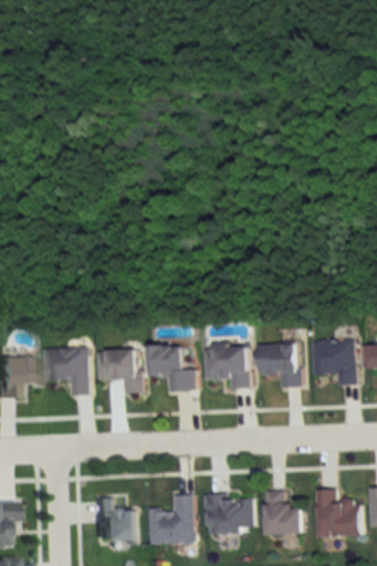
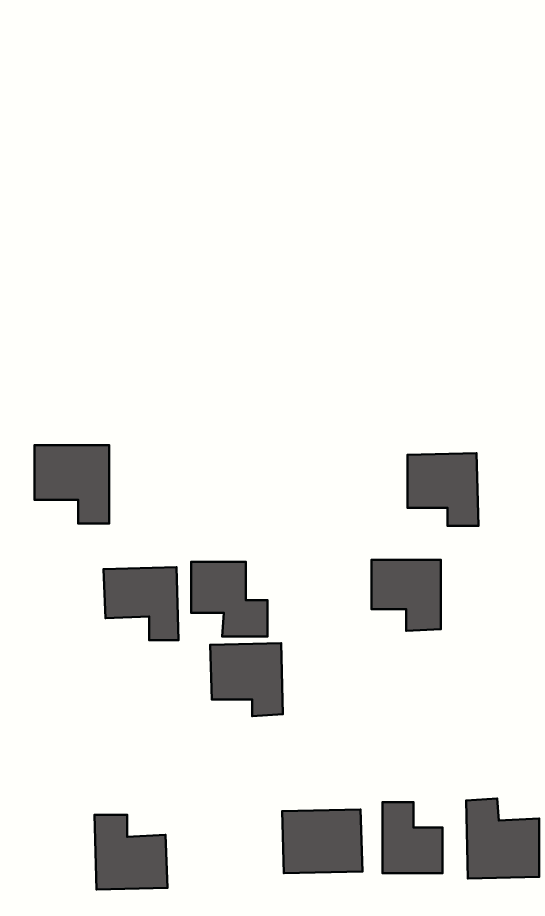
building: [313,339,356,384] -> [407,453,478,526]
building: [205,344,249,388] -> [210,643,283,716]
building: [44,347,90,395] -> [34,445,109,524]
building: [150,494,193,544] -> none

